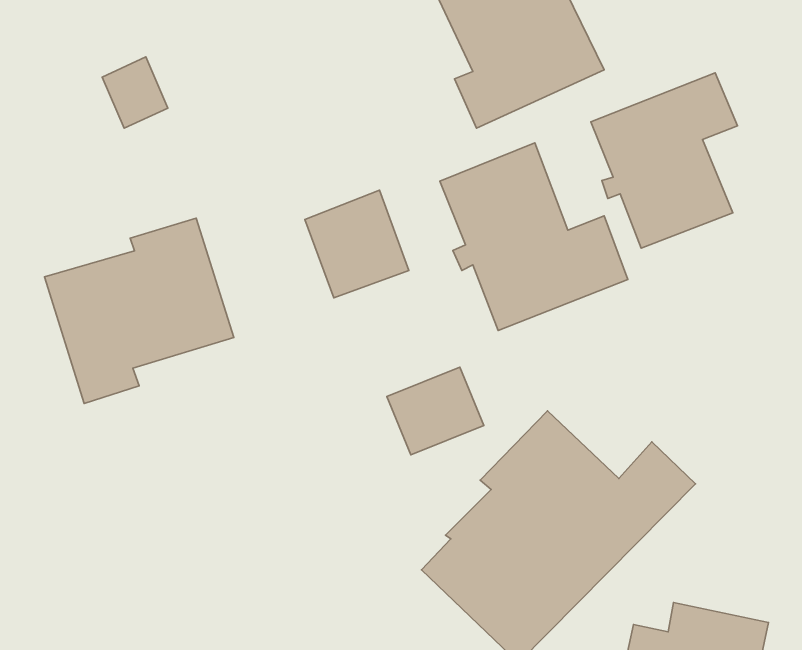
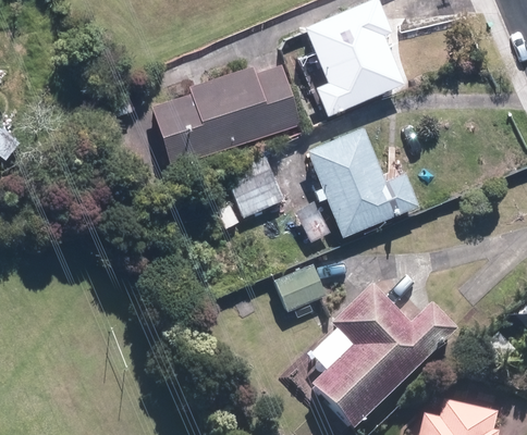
building: none -> [154,62,303,164]
building: [591,73,738,248] -> none
building: [44,218,234,404] -> none

